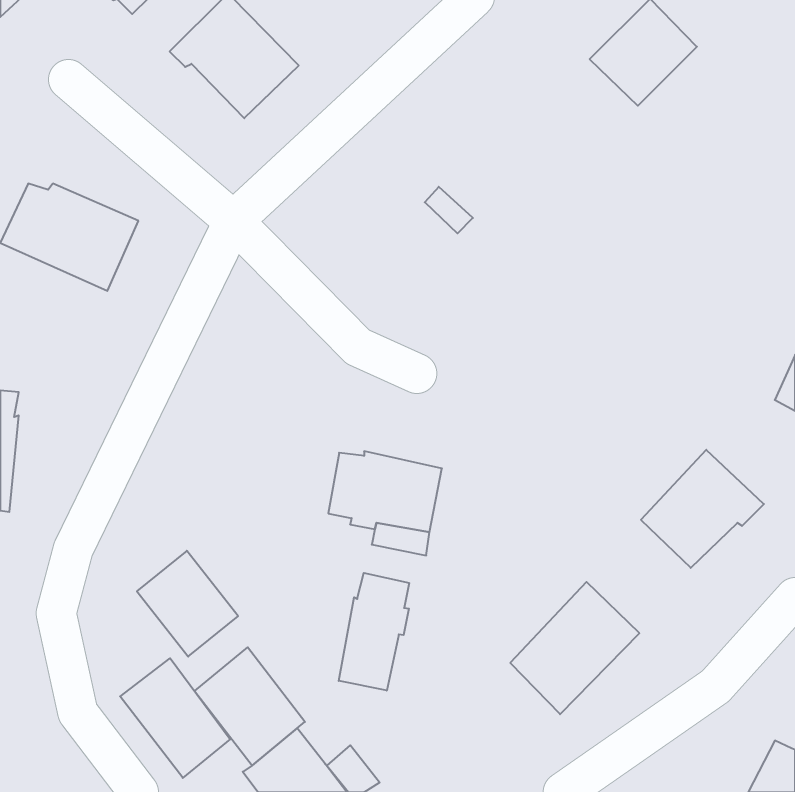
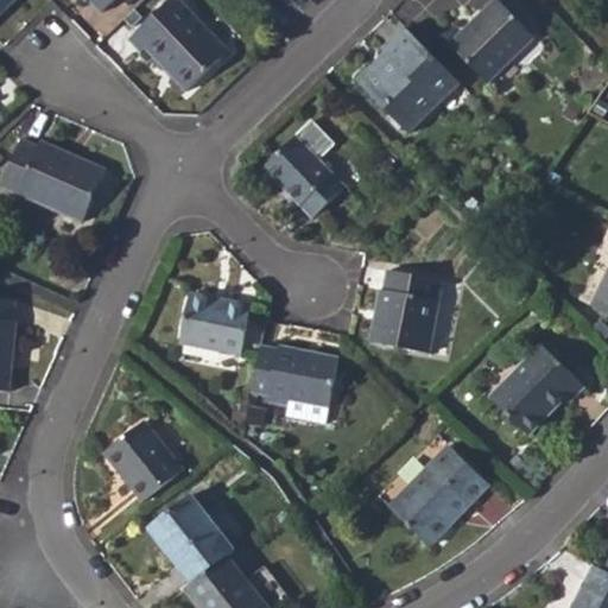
building: none -> [359,27,458,132]
building: none -> [264,135,344,217]
building: none -> [370,270,438,353]
building: none -> [182,294,249,354]
building: [339,573,409,691] -> none
building: [120,658,230,778] -> none

